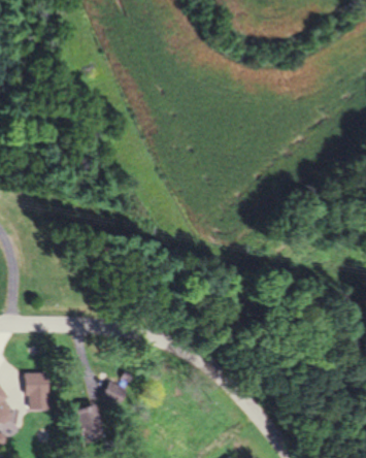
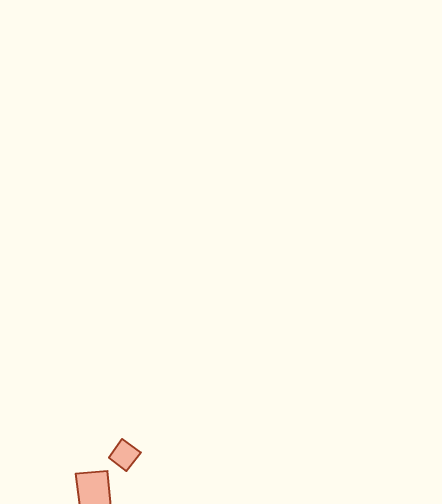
building: [26,375,49,396] -> none

